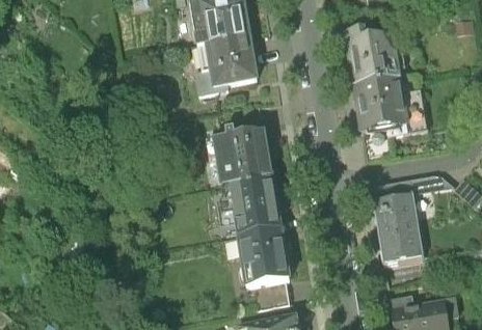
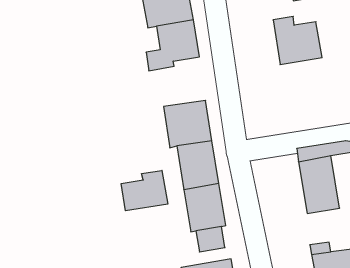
building: [353,77,410,131] -> none
building: none -> [121,170,168,211]

